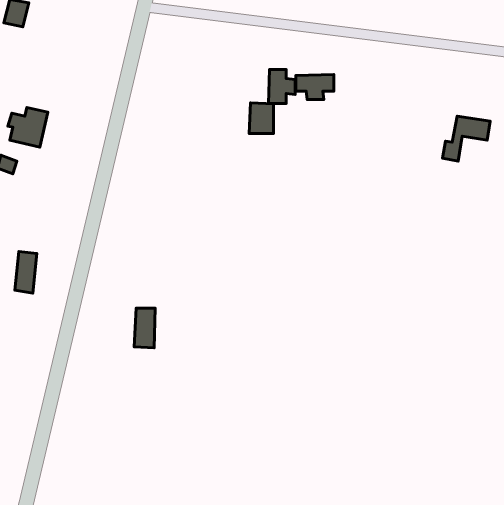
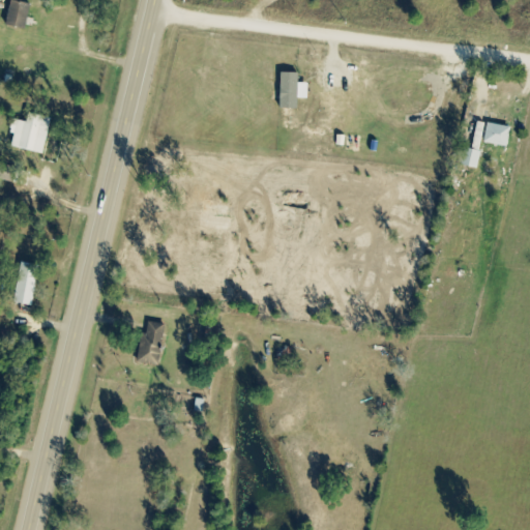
building: [296,74,334,99] -> none
building: [249,103,273,133] -> none

